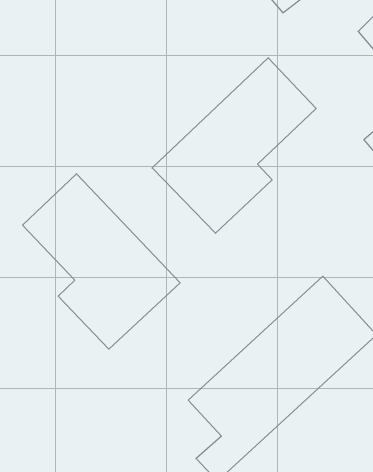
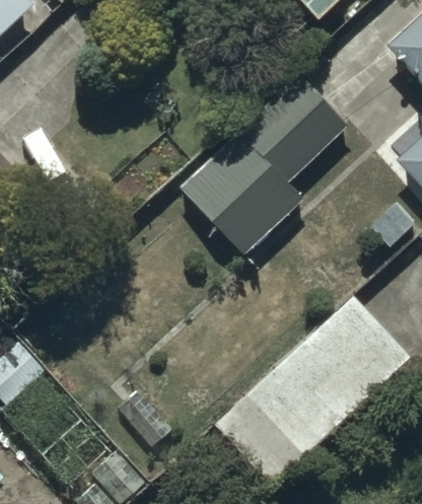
building: [23,174,180,349] -> none

